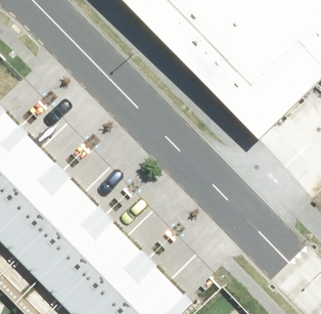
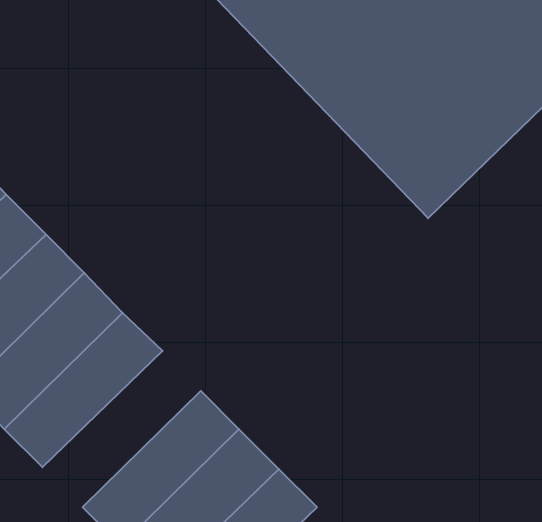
building: [38,212,127,300] -> none

